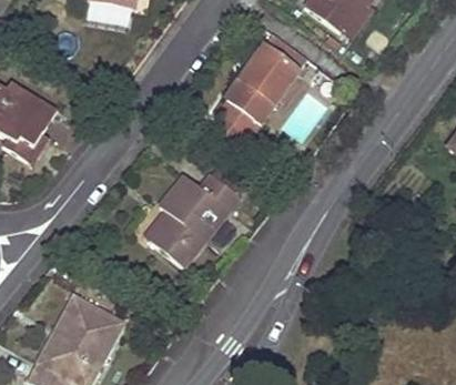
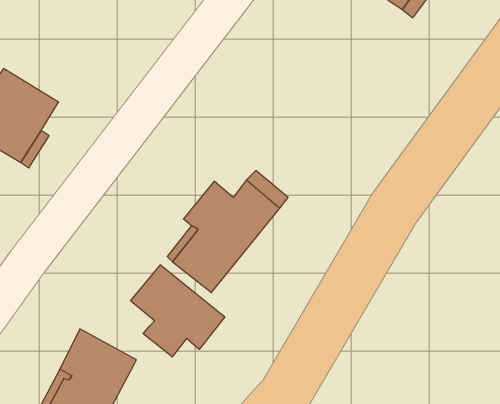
building: [216,45,297,135] -> none
building: none -> [131,265,225,357]

